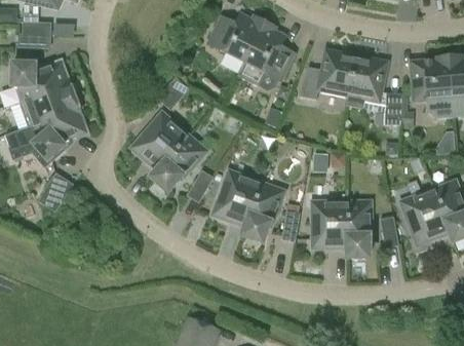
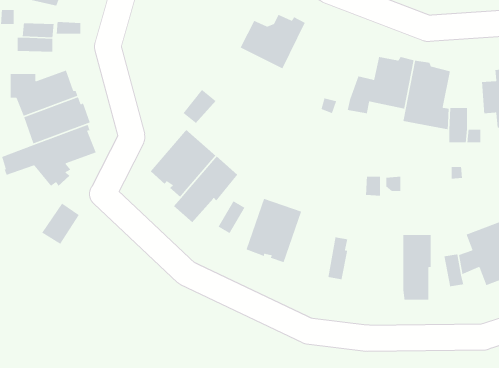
building: [237,21,293,85] -> none
building: [241,181,284,242] -> none
building: [311,200,346,247] -> none

